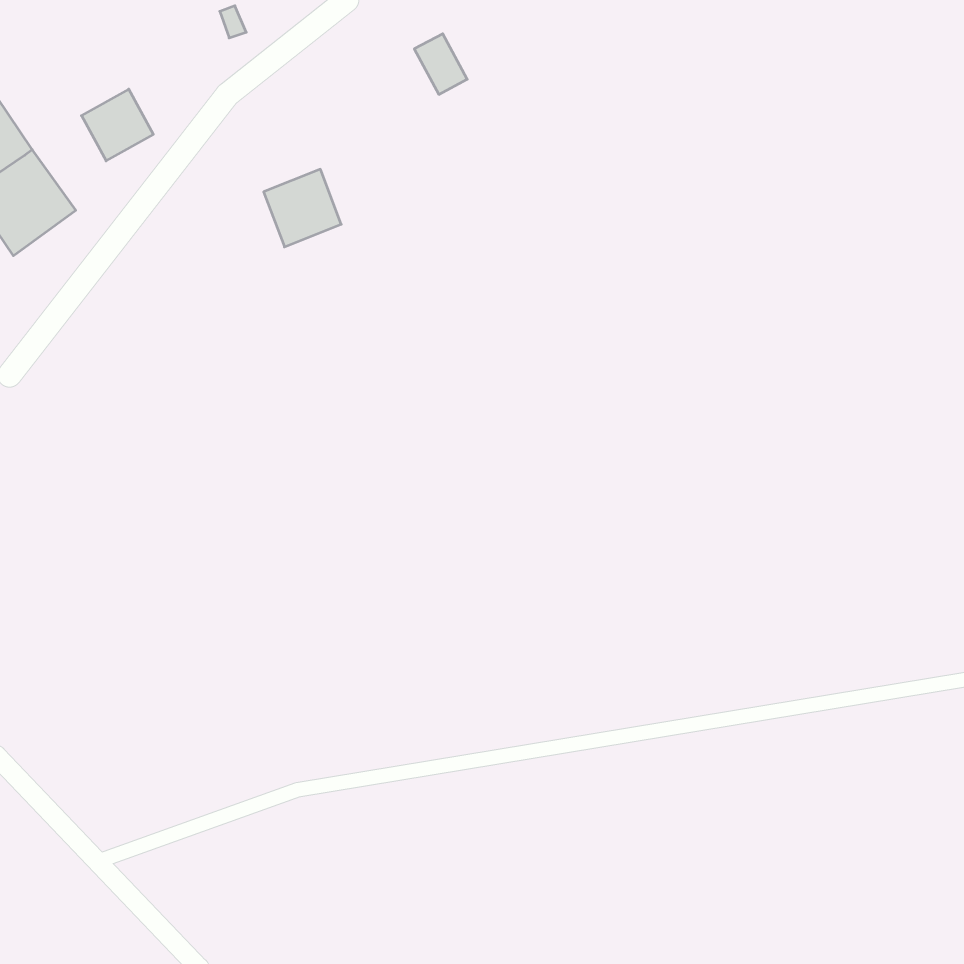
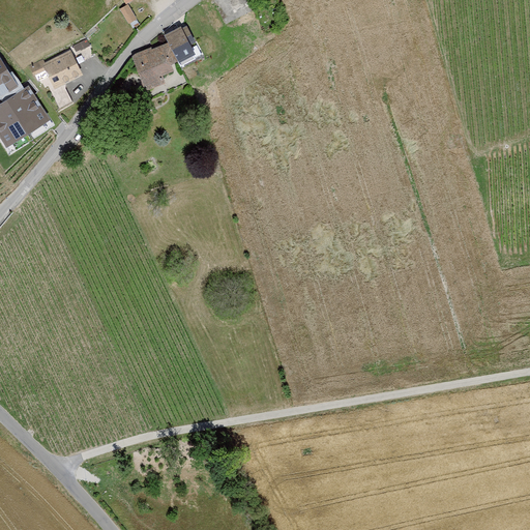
building: [414,34,467,94] -> [168,30,197,63]
building: [264,169,341,247] -> [131,42,174,85]

